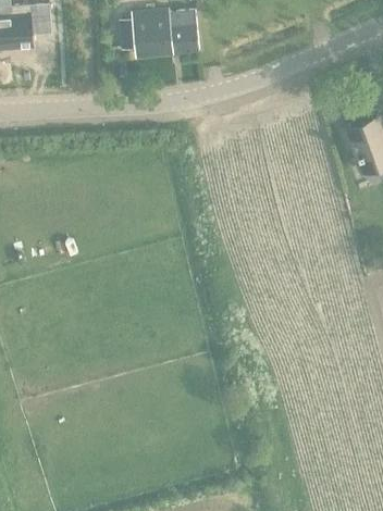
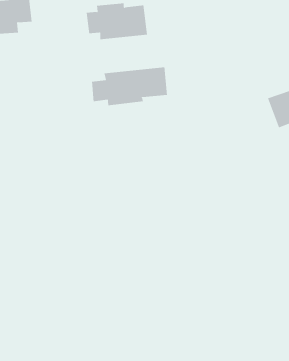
building: none -> [91,66,168,106]

